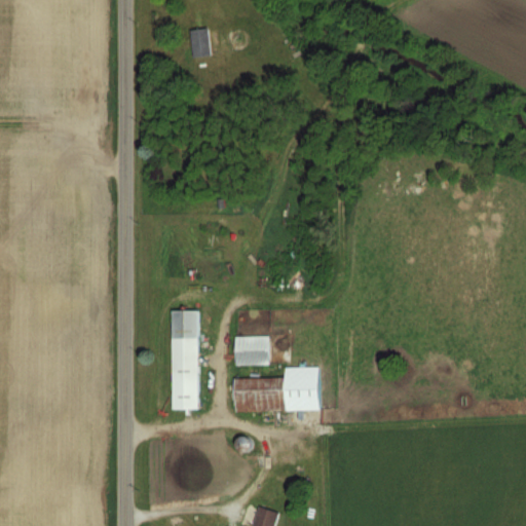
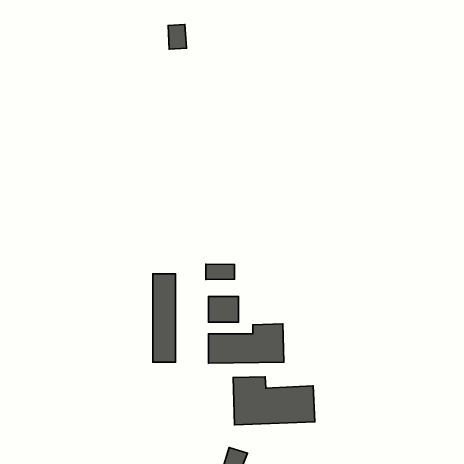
building: none -> [206,264,235,280]
building: none -> [233,377,315,425]

